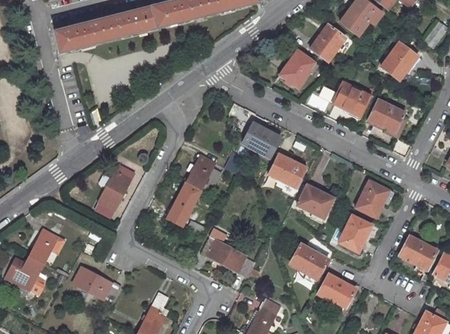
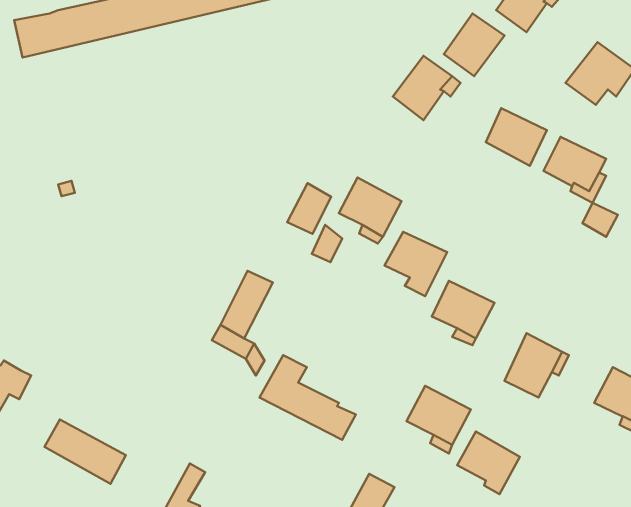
building: [192,154,218,184] -> [287,183,331,234]
building: [93,165,132,218] -> none
building: [361,180,400,217] -> none

